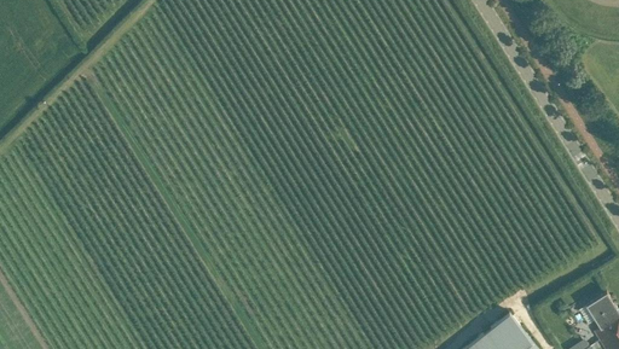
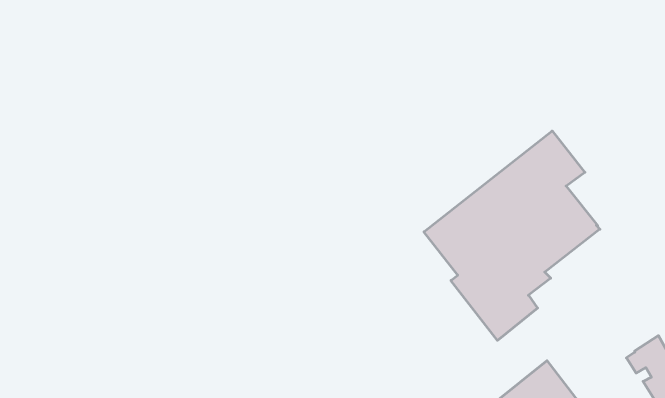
building: none -> [424,131,600,340]

